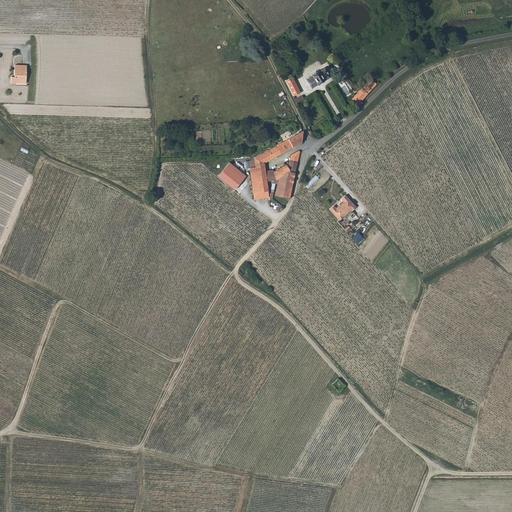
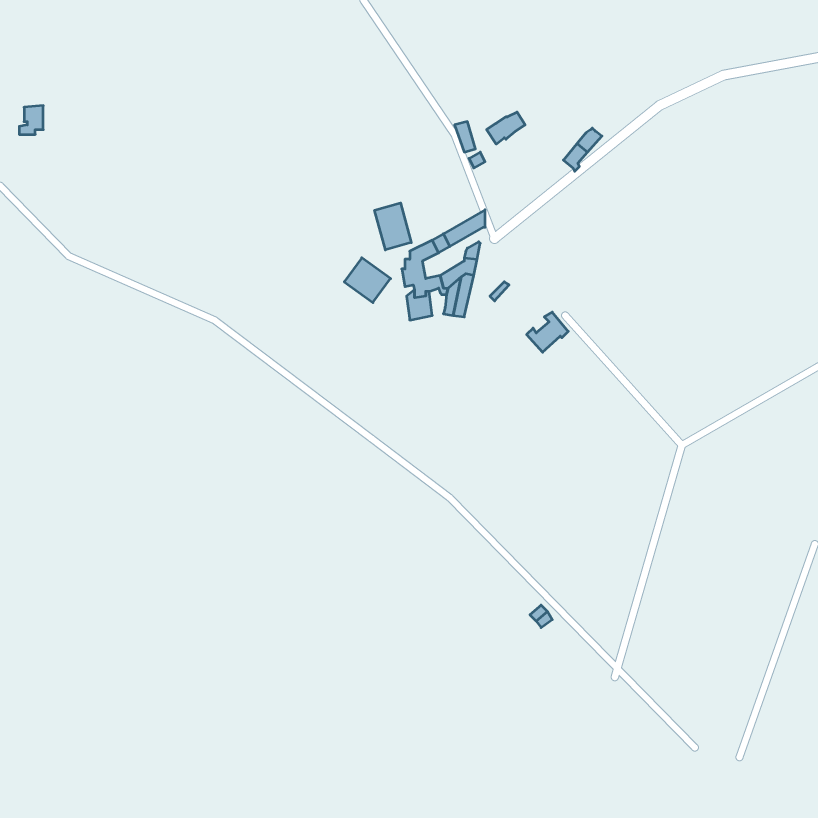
building: none -> [375,203,411,250]

